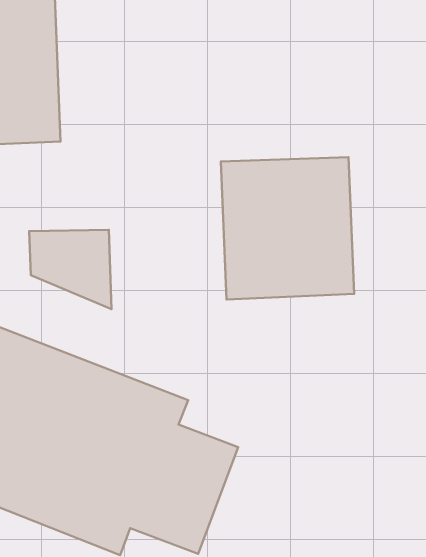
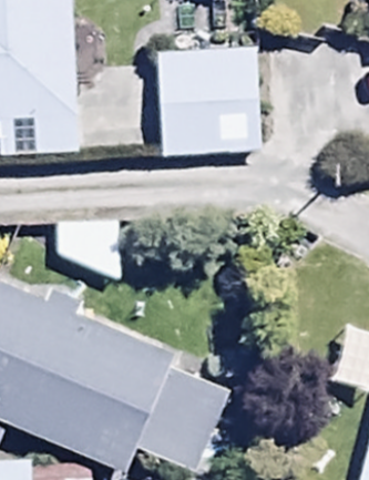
building: [221,157,354,299] -> [155,48,259,159]

